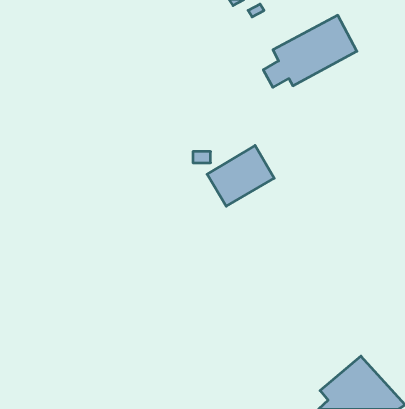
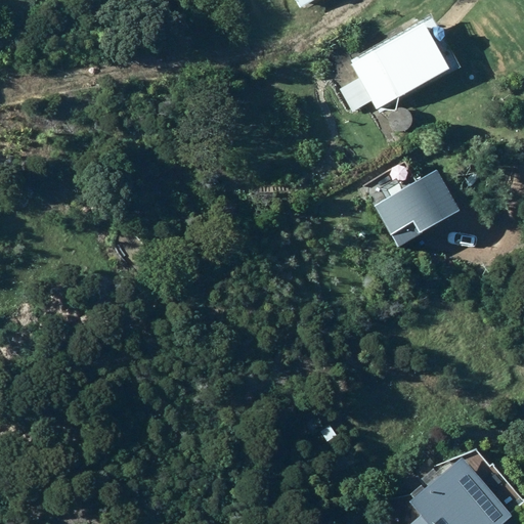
building: [207,145,274,206] -> [374,170,460,248]

